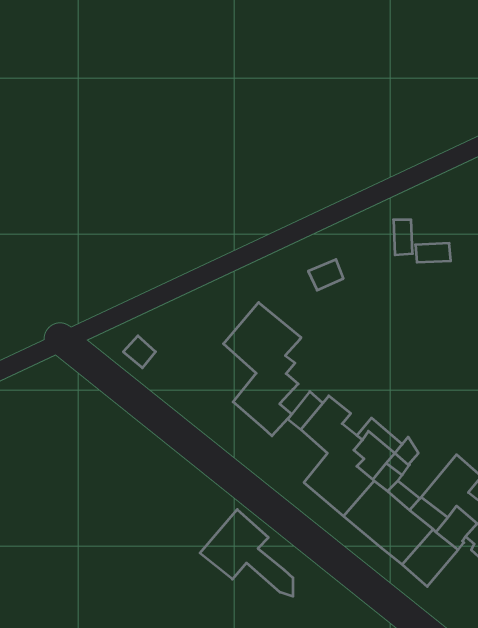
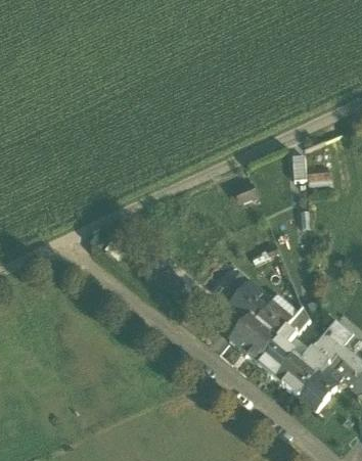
building: [223,302,301,436] -> none
building: [200,509,293,596] -> none

